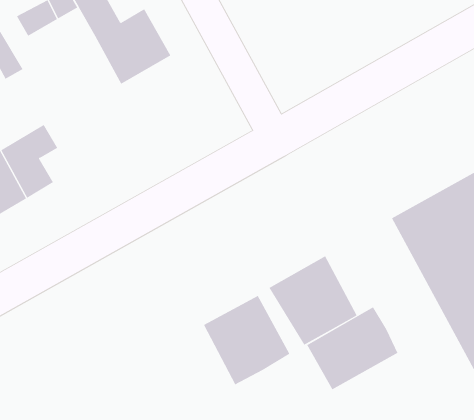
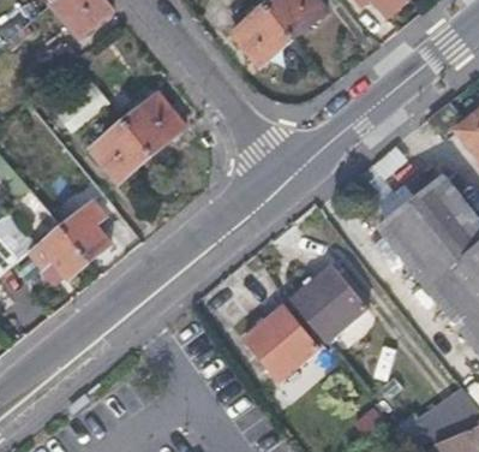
building: none -> [84,123,148,186]
building: [307,306,398,390] -> none

